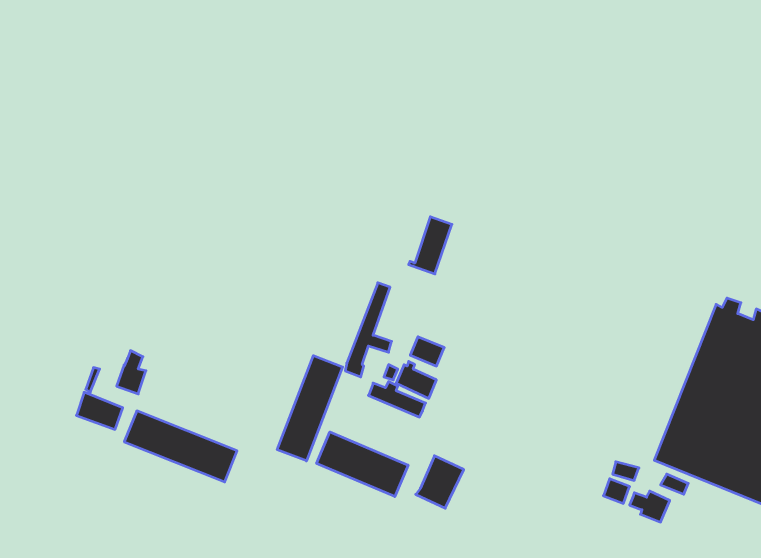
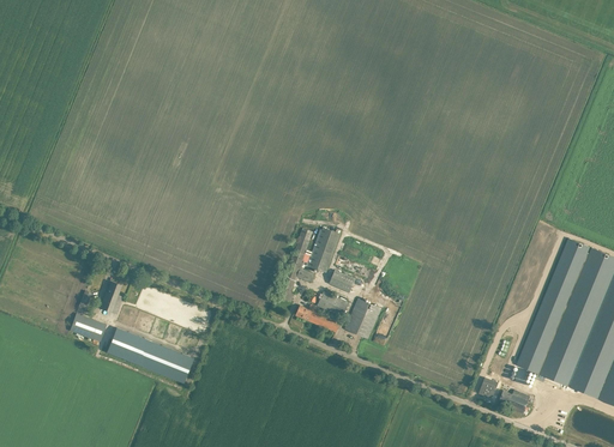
building: [409,217,452,274] -> [306,228,339,272]
building: [277,356,343,461] -> none
building: [317,432,408,497] -> none
building: [416,456,464,508] -> [344,298,381,339]

